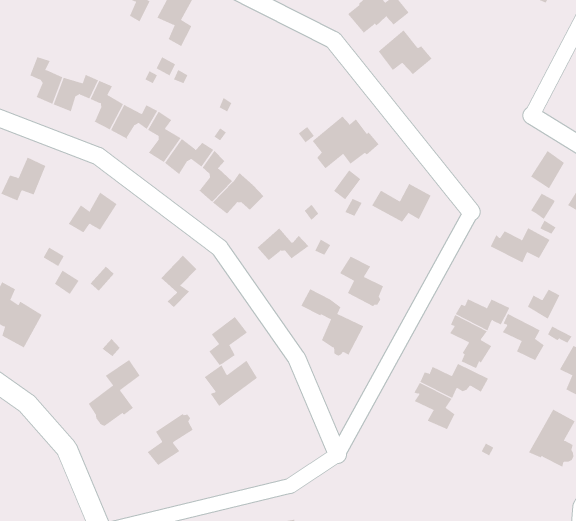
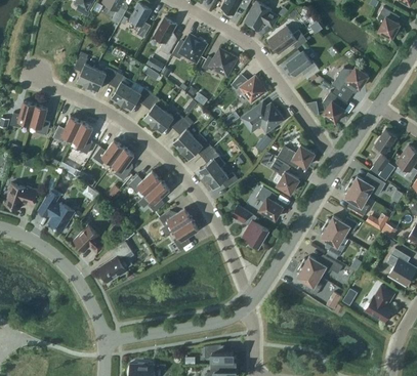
building: none -> [171,34,206,62]
building: none -> [201,48,238,76]
building: none -> [331,67,368,93]
building: none -> [231,76,265,102]
building: none -> [322,91,347,122]
building: none -> [73,122,92,154]
building: none -> [199,148,224,178]
building: none -> [112,148,133,180]
building: none -> [269,159,298,193]
building: none -> [128,171,161,194]
building: [502,313,545,361] -> [343,185,369,215]
building: none -> [73,225,106,253]
building: [204,360,258,407] -> [158,208,191,236]
building: [147,413,194,466] -> none

